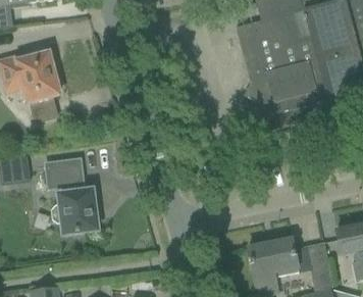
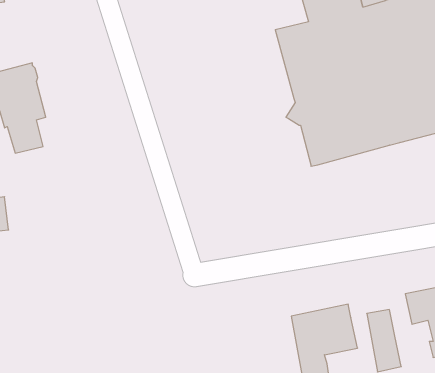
building: [46,158,97,232] -> none

